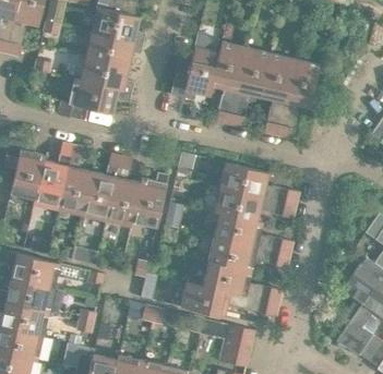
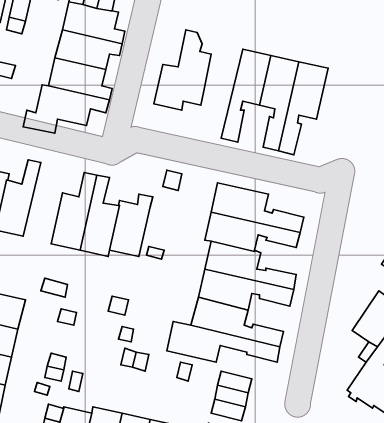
building: [213,43,247,124] -> none
building: [58,145,92,215] -> none

